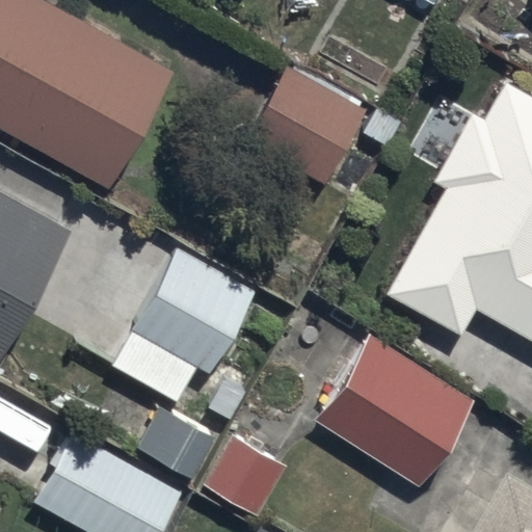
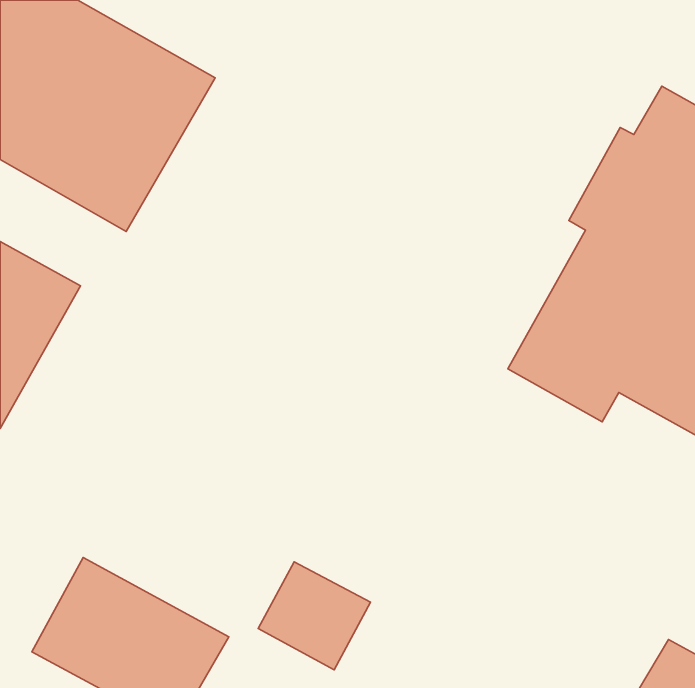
building: [246,68,369,187] -> none
building: [132,247,258,374] -> none
building: [317,338,475,491] -> none

